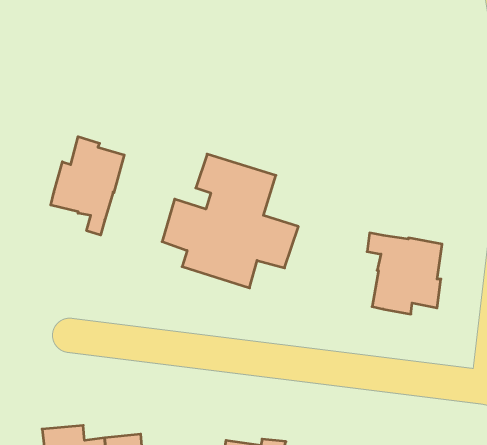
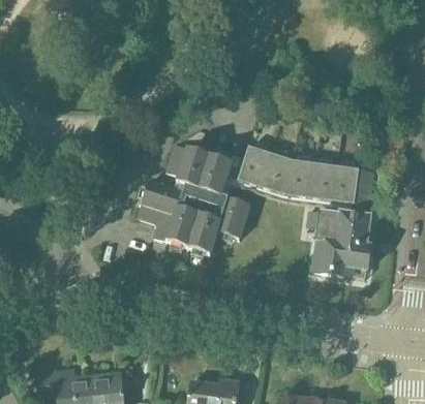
building: [51,137,124,235] -> none
building: none -> [238,146,374,212]

